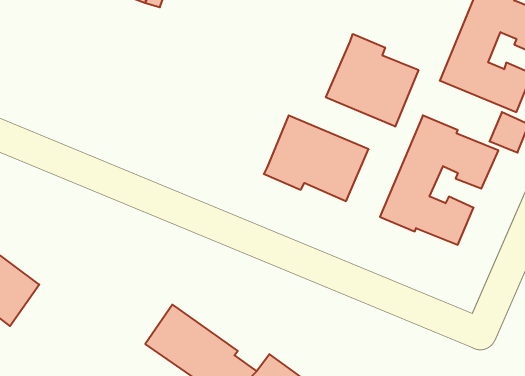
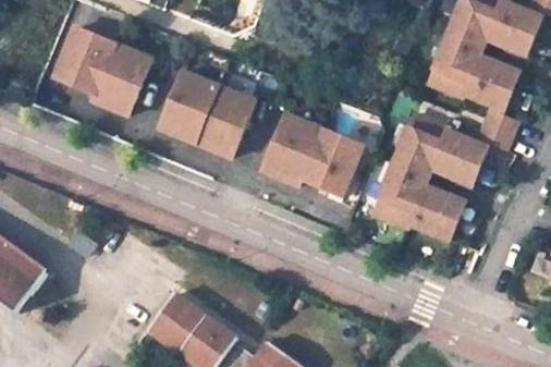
building: none -> [53,23,151,112]
building: [326,34,418,127] -> none
building: none -> [159,69,255,156]

